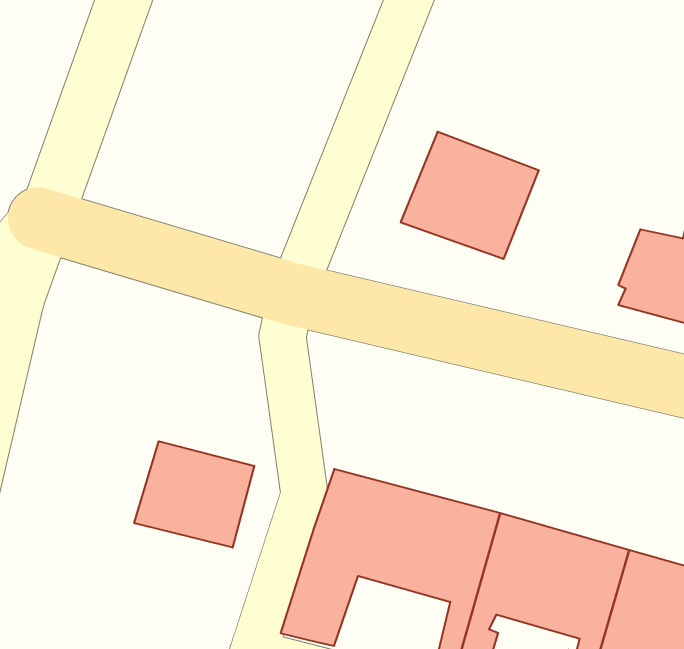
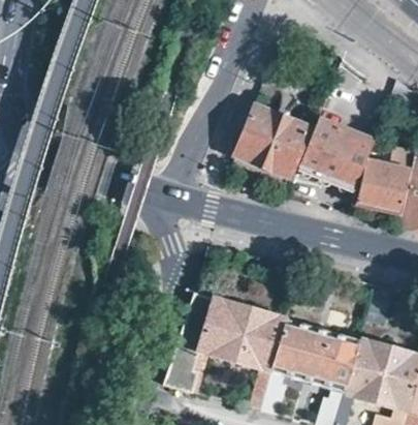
building: none -> [300,117,376,189]
building: [134,441,254,548] -> none

